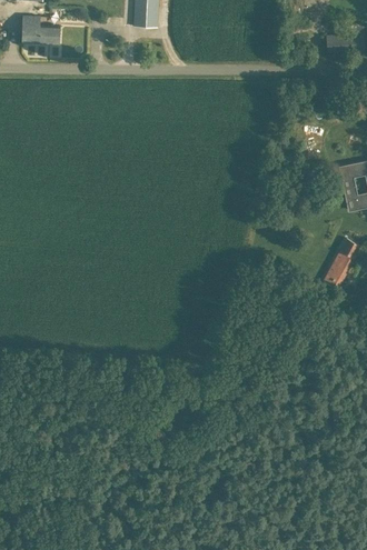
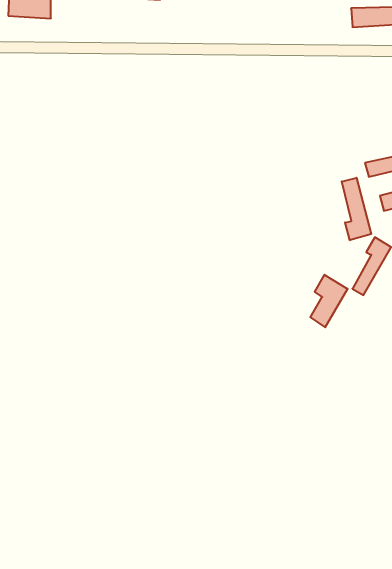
building: none -> [342,178,371,240]
building: none -> [310,275,348,327]

